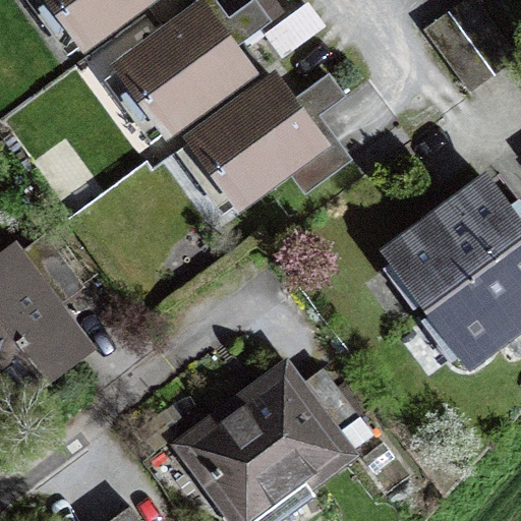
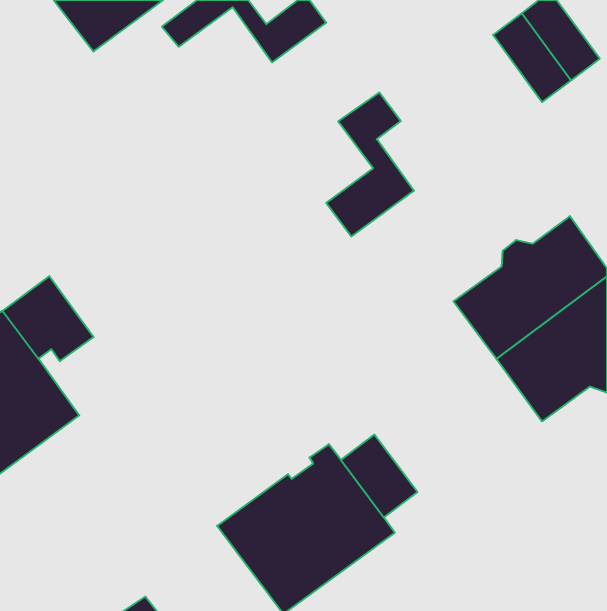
building: [115,8,244,132] -> none
building: [186,80,316,206] -> none

